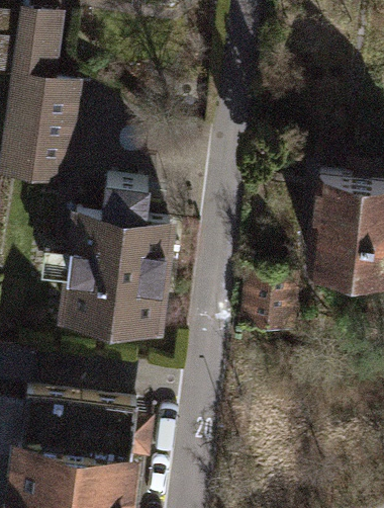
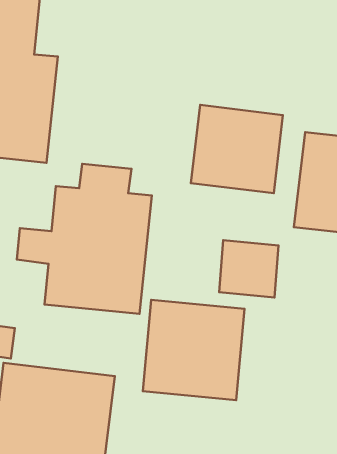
building: none -> [191,105,283,193]
building: none -> [143,300,245,400]

